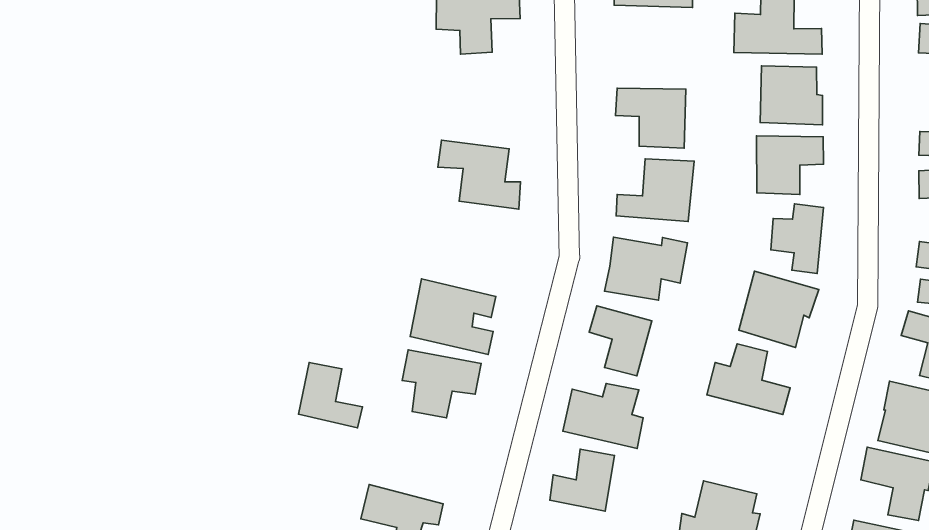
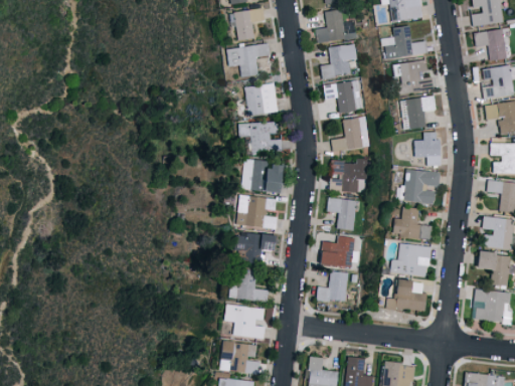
building: none -> [322,43,358,78]
building: none -> [244,82,279,116]
building: none -> [240,159,281,193]
building: [299,363,362,428] -> [236,270,269,301]
building: none -> [389,244,430,276]

